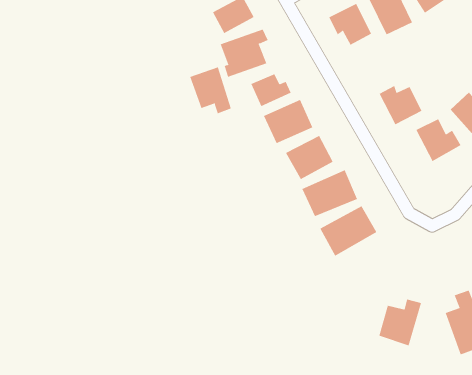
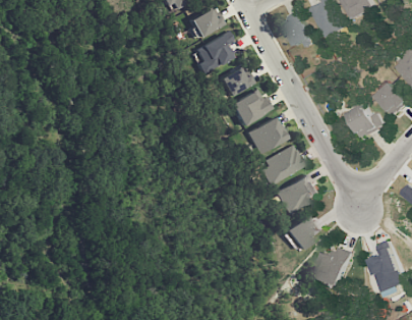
building: [189,66,232,114] -> none
building: [379,85,422,125] -> none
building: none -> [282,211,321,250]

